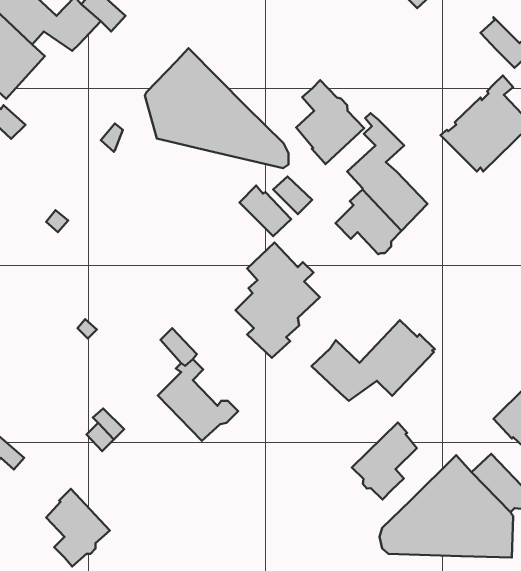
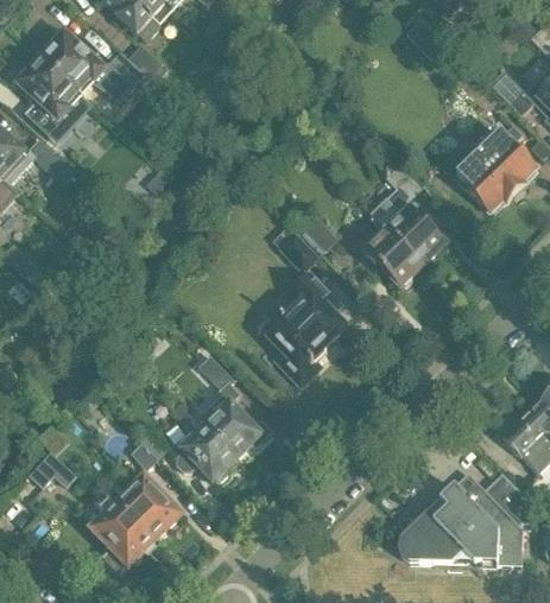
building: [145,48,289,168] -> none
building: [296,80,364,164] -> none
building: [311,320,435,401] -> none
building: none -> [170,398,236,481]
building: [352,422,417,500] -> none
building: none -> [116,472,178,539]

